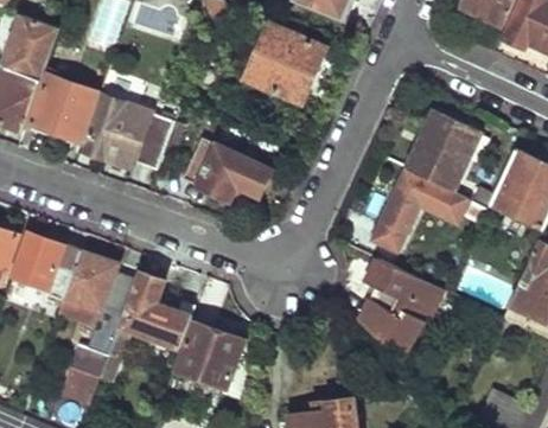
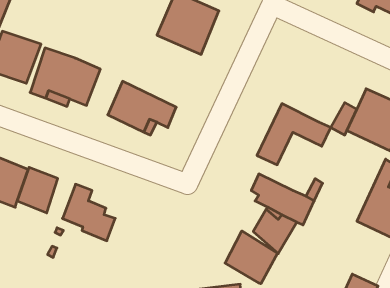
building: [406,109,482,191] -> none
building: [177,319,244,384] -> none
building: [69,326,111,378] -> none
building: none -> [225,231,278,284]

